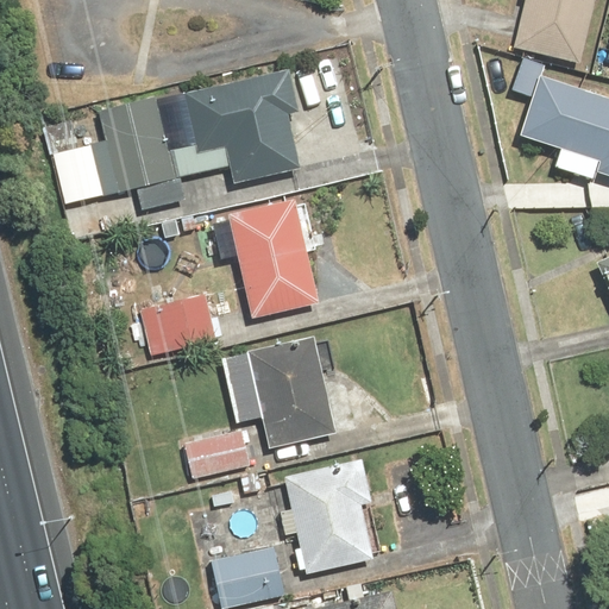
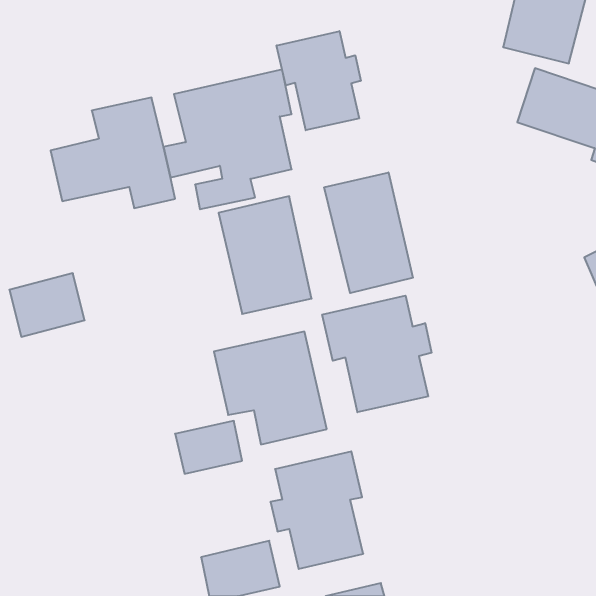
building: none -> [277,31,361,130]
building: none -> [324,172,413,293]
building: [140,293,216,357] -> [9,273,85,337]
building: none -> [322,296,432,412]

